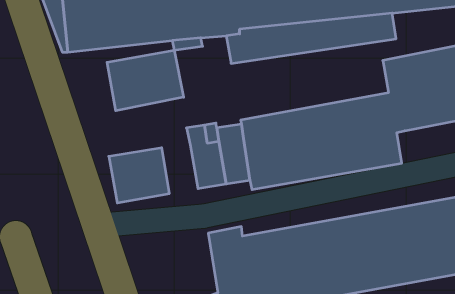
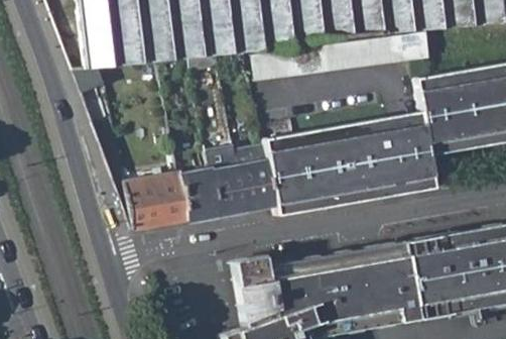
building: [107,50,184,111] -> none
building: none -> [185,167,224,219]

